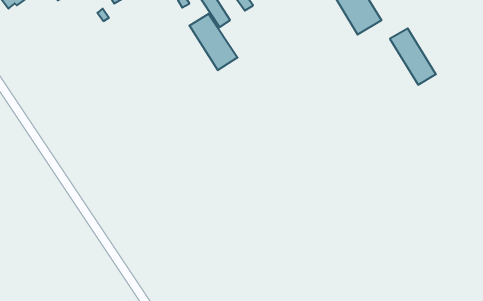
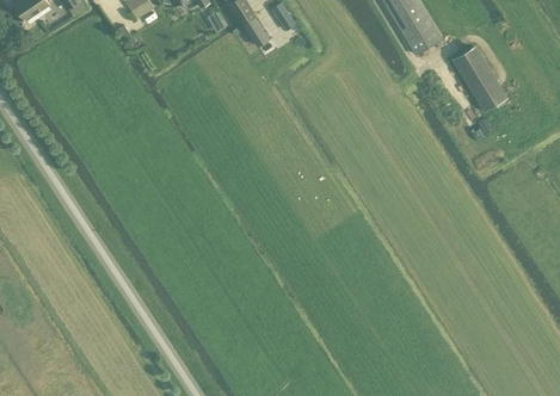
building: [189,14,238,70] -> none

